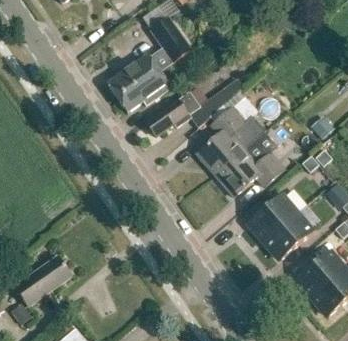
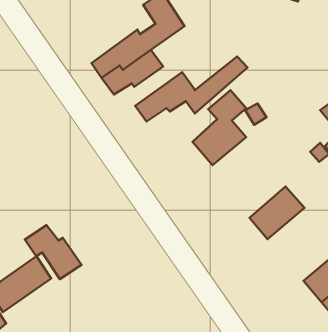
building: [215,149,284,196] -> none
building: [264,212,313,259] -> none
building: none -> [25,225,82,279]

